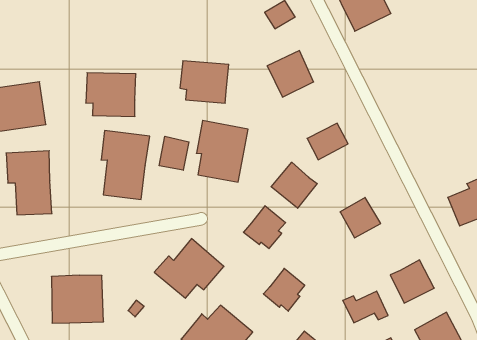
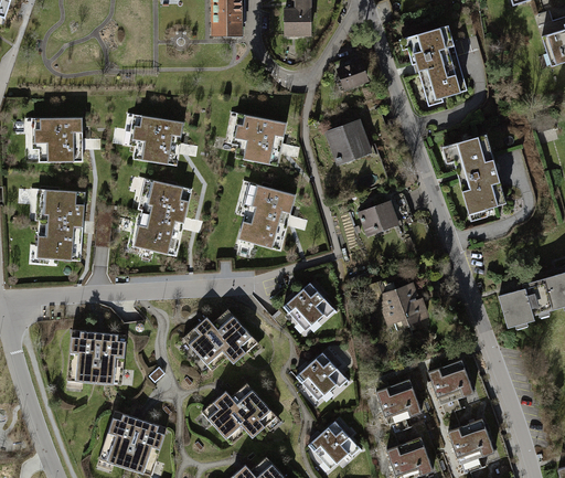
building: none -> [440,134,503,211]
building: [159,136,189,170] -> none
building: [271,162,317,208] -> none

